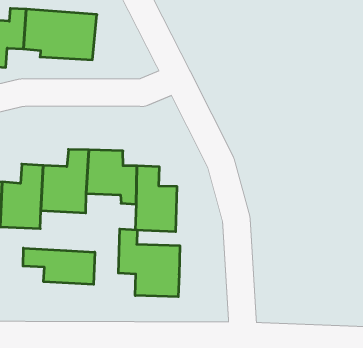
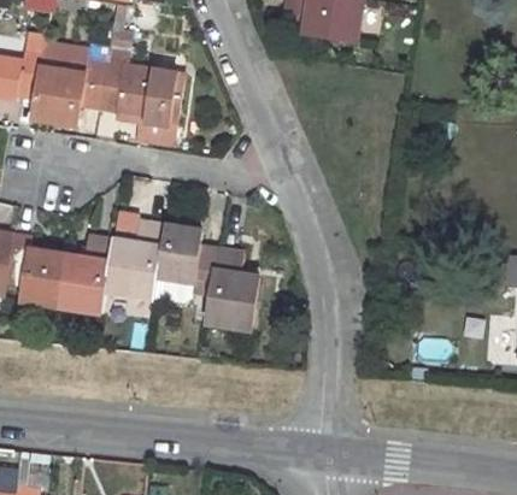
building: [118,229,180,297] -> none
building: [23,248,95,284] -> none

